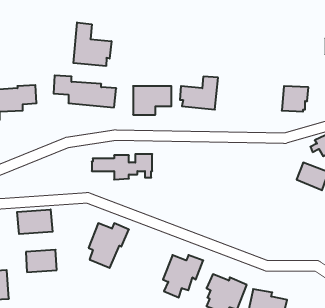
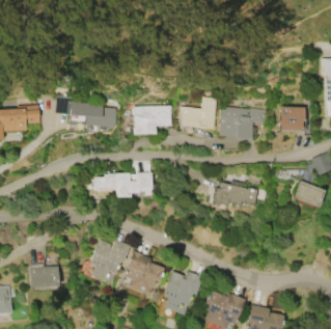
building: [73,22,111,66] -> none
building: none -> [219,106,267,138]
building: none -> [213,182,258,205]
building: [17,209,53,234] -> none
building: none -> [123,250,165,294]

